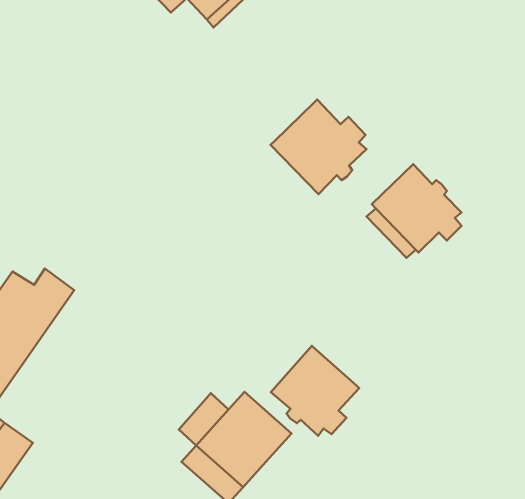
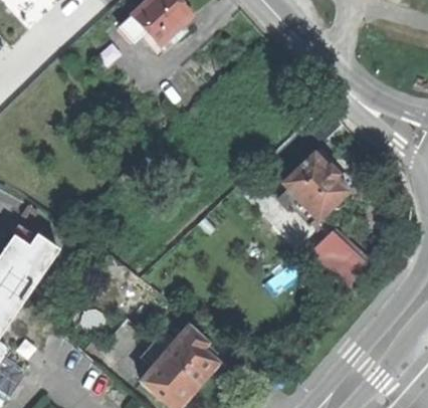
building: [270,100,367,194] -> none
building: none -> [312,234,374,292]
building: [271,346,359,436] -> none

